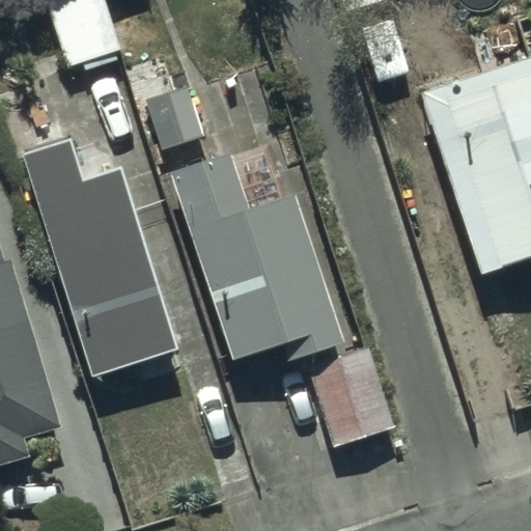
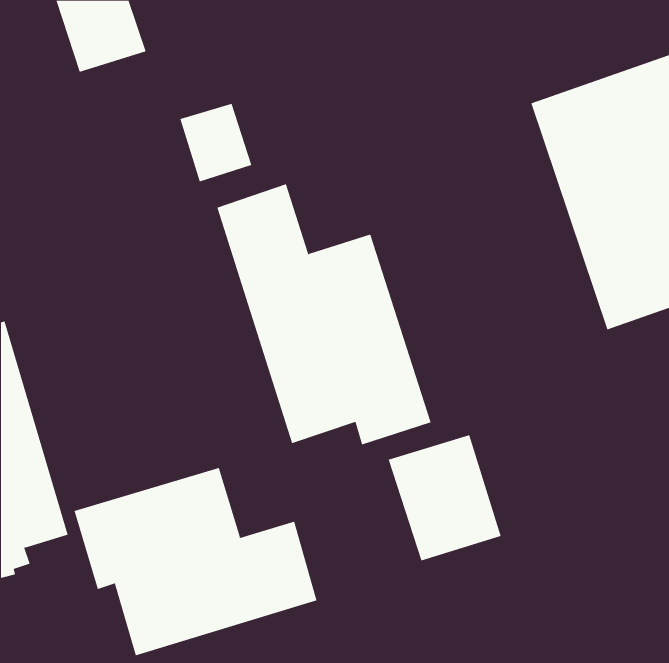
building: [24,140,174,376] -> none
building: none -> [74,467,317,656]

